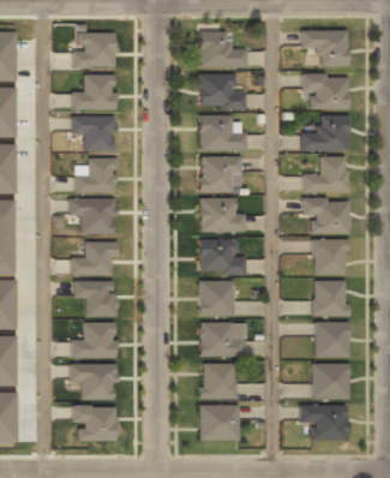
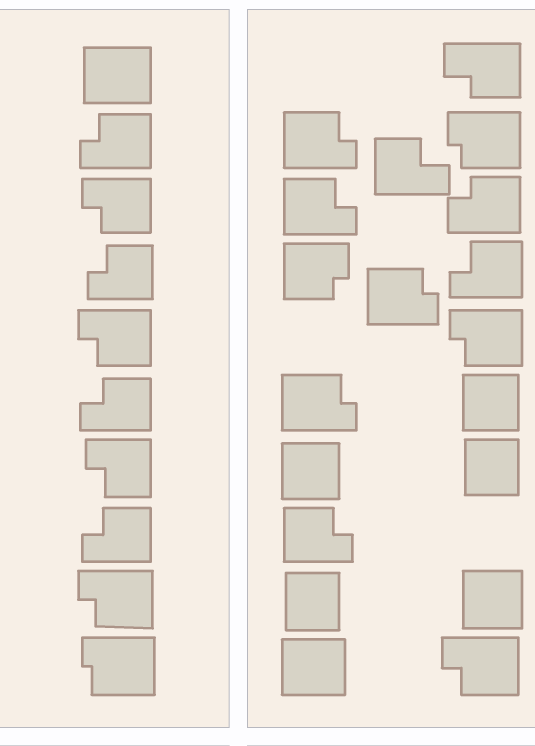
building: [199,32,246,67] -> [375,139,449,194]
building: [199,198,244,233] -> [368,269,438,324]
building: [314,321,349,357] -> none

